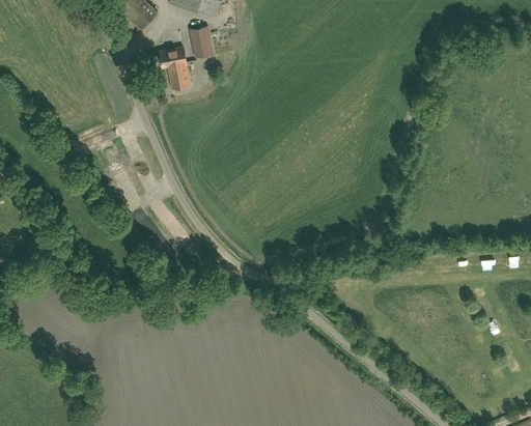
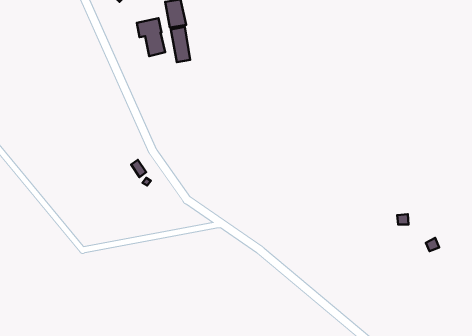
building: none -> [171,27,190,62]

